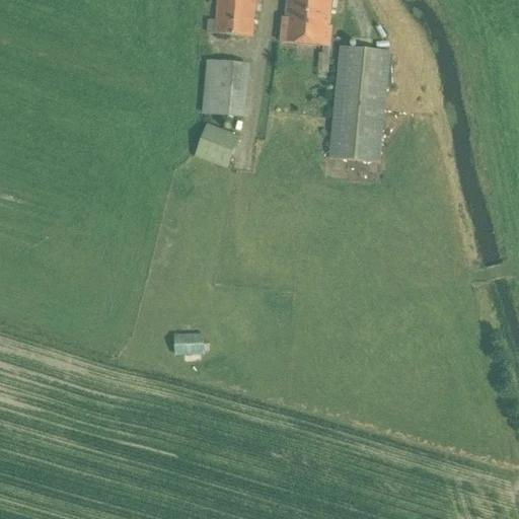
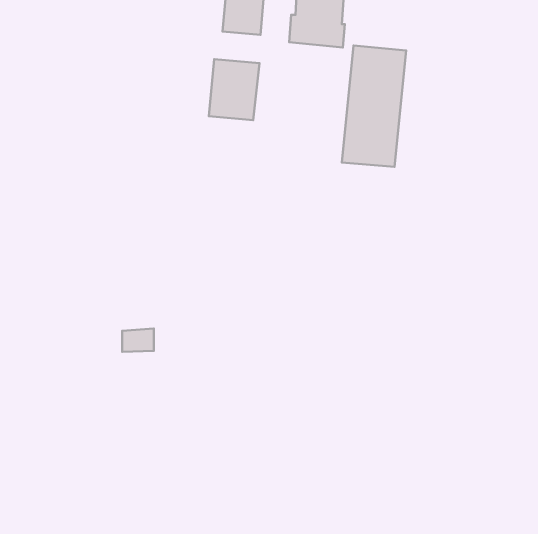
building: [194,122,238,166] -> none
building: [173,330,204,353] -> [122,329,154,352]

